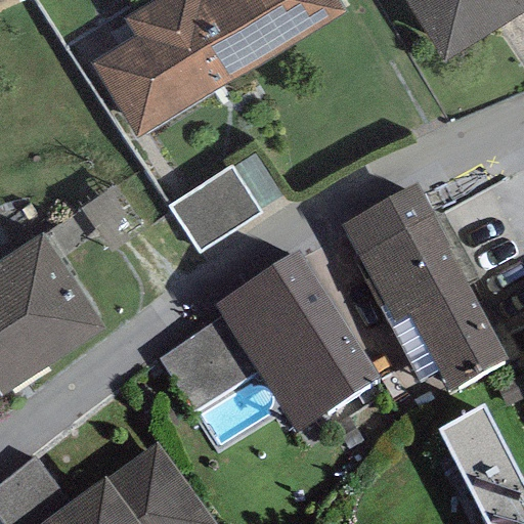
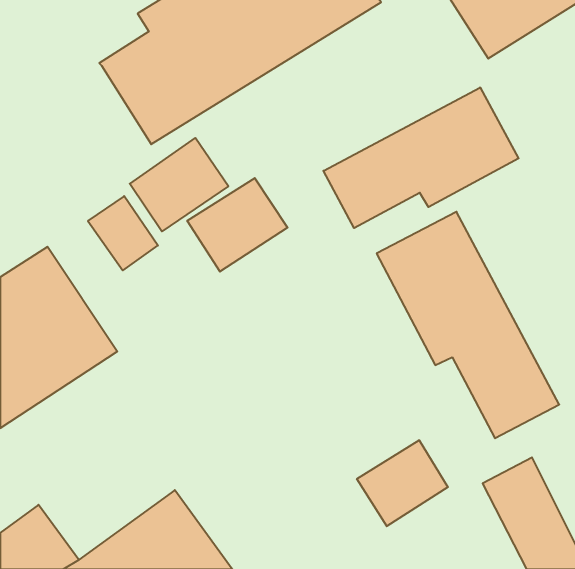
building: none -> [323,87,519,228]
building: none -> [130,138,228,231]
building: [159,261,379,440] -> none
building: none -> [357,440,448,526]

